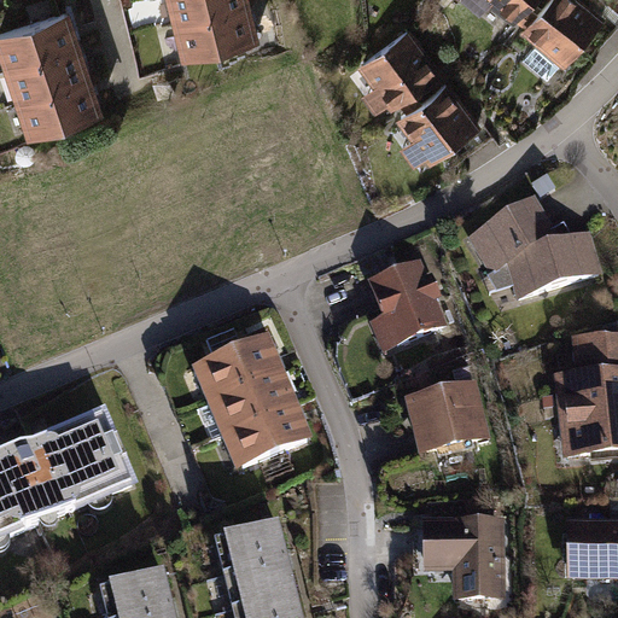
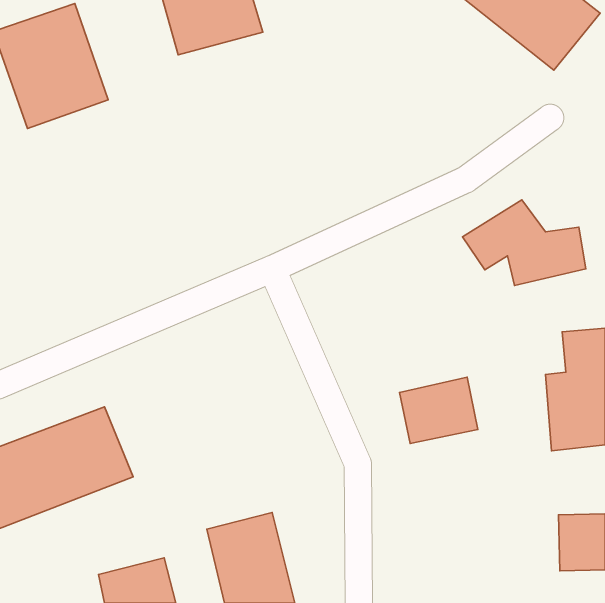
building: [356,19,480,156] -> none
building: [366,256,453,352] -> none
building: [192,337,311,470] -> none
building: [419,518,508,595] -> none

